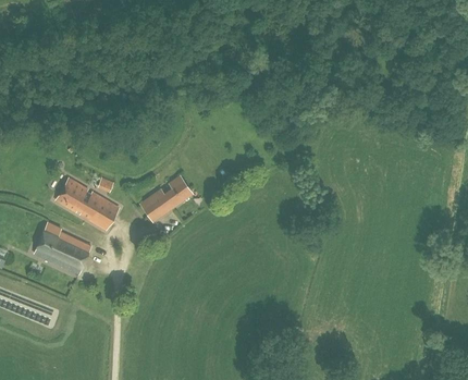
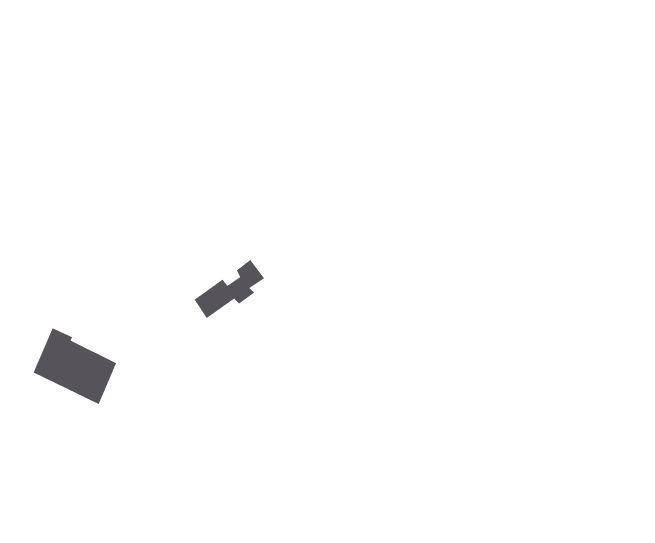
building: [58,179,118,229] -> none

